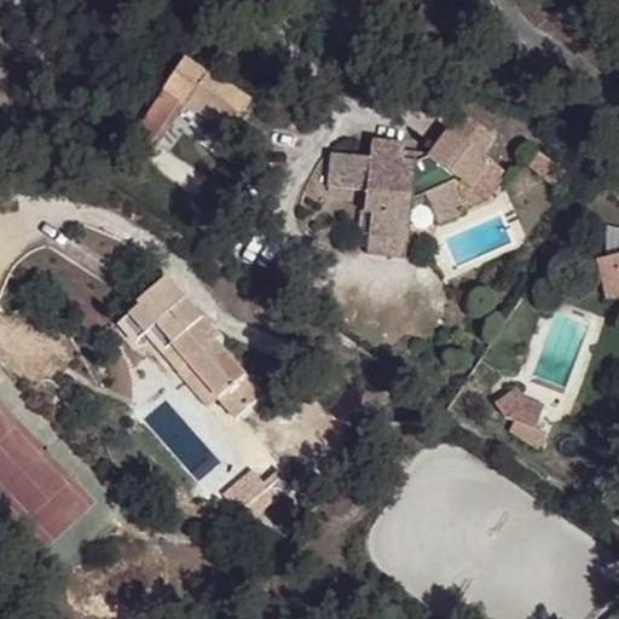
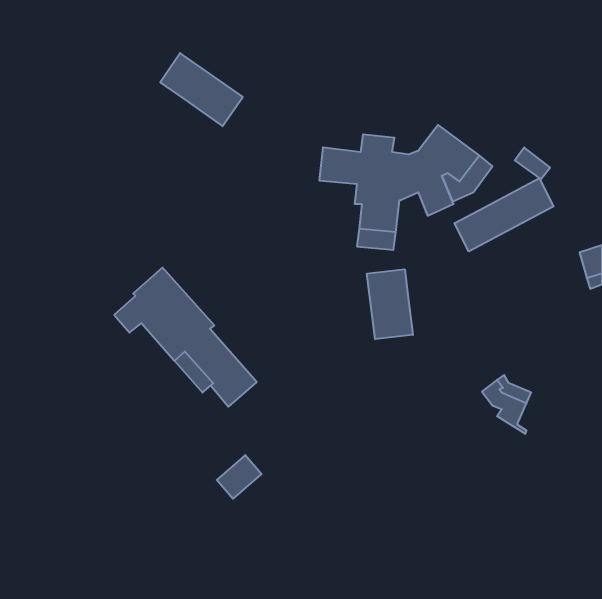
building: [137,85,187,141] -> none
building: none -> [454,178,554,251]
building: none -> [367,269,413,339]

